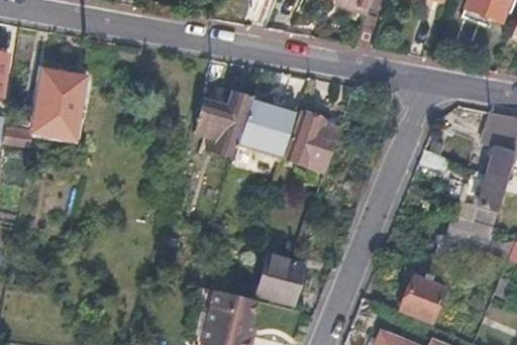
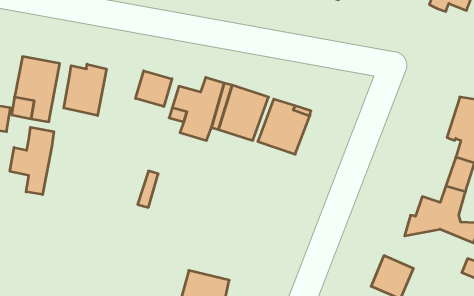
building: none -> [64,64,106,116]
building: none -> [136,71,172,107]
building: none -> [10,127,54,195]
building: [257,255,303,303] -> none

